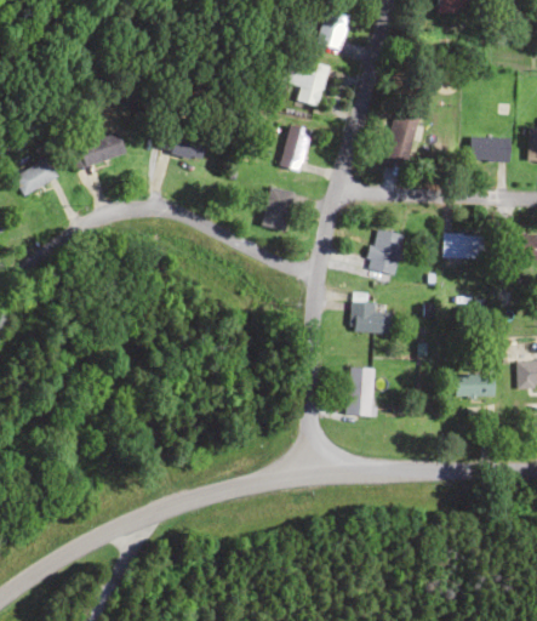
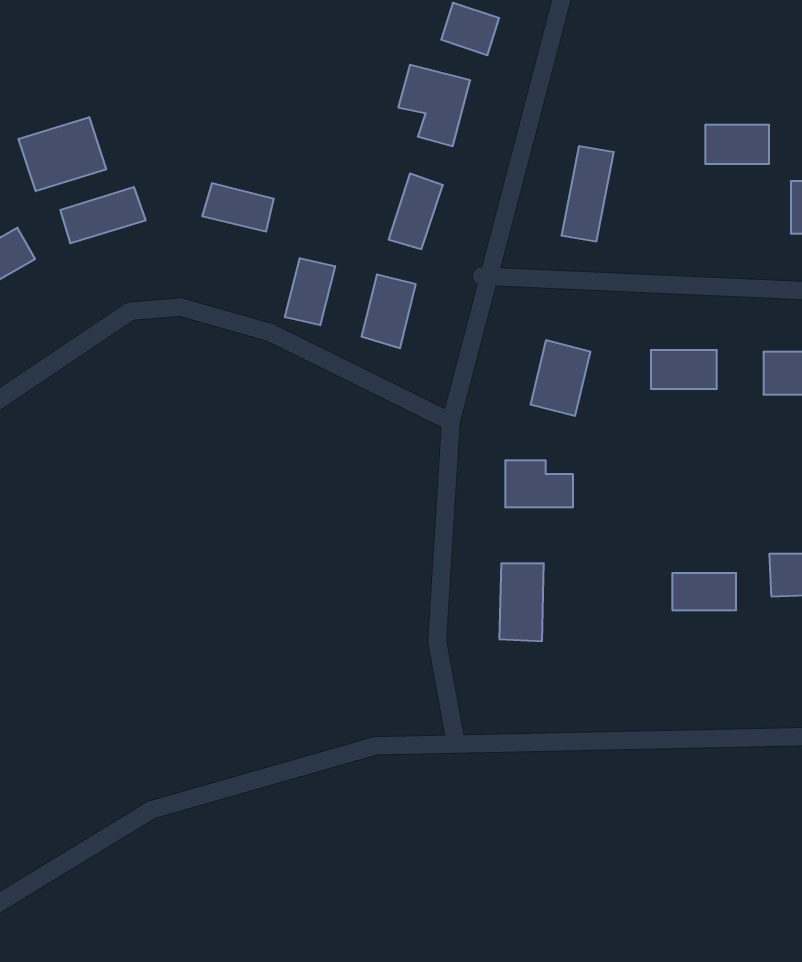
building: none -> [19,117,106,191]
building: [470,137,510,161] -> [705,125,769,164]
building: none -> [285,258,335,325]

